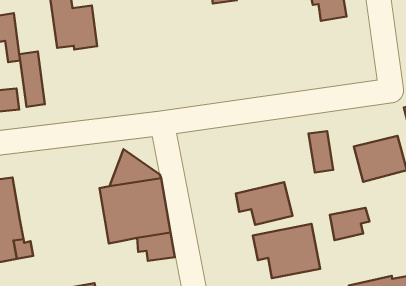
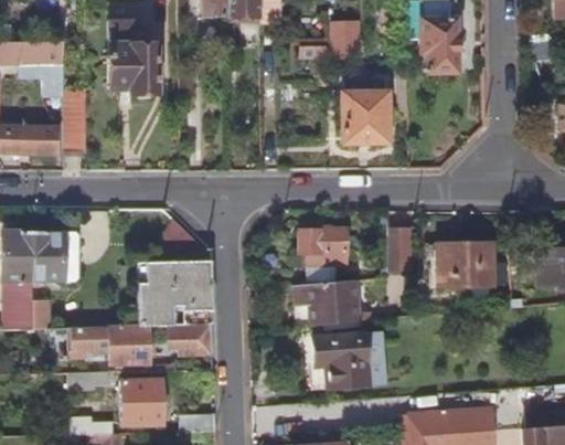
building: none -> [343,80,390,142]
building: none -> [301,231,348,265]
building: none -> [36,231,83,283]
building: [330,208,370,240] -> none
building: none -> [75,324,156,364]

